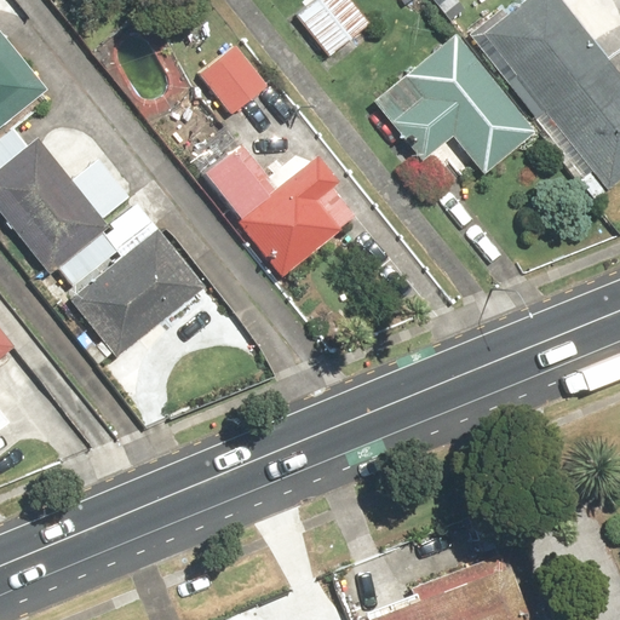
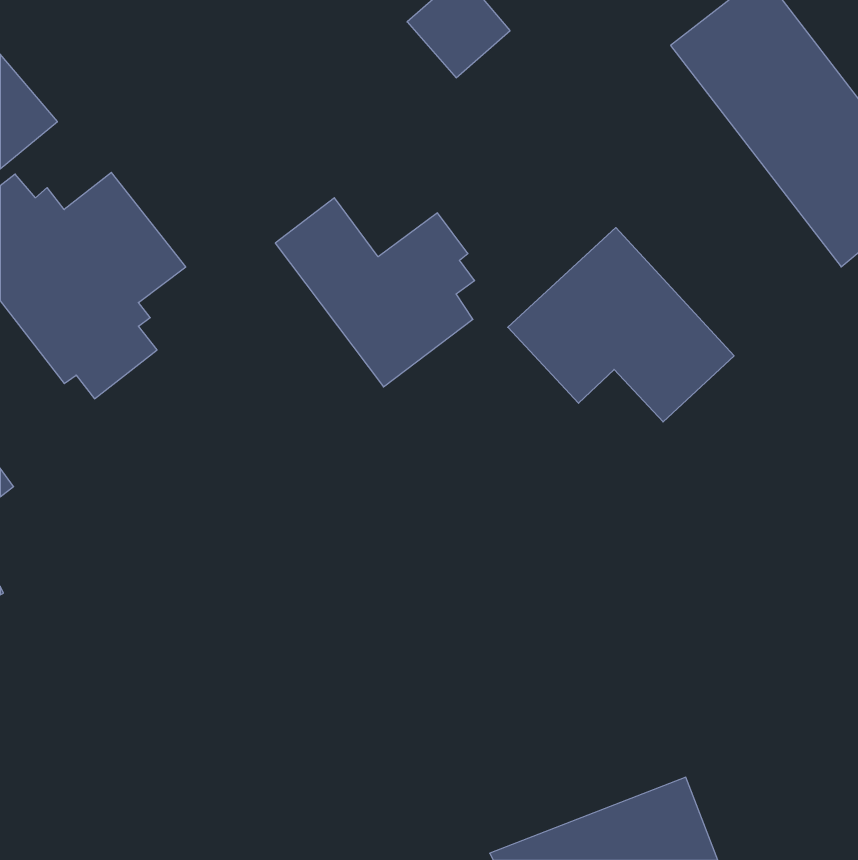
building: [372,36,534,176] -> [508,228,734,422]
building: [200,46,268,114] -> none
building: [69,228,203,358] -> none

